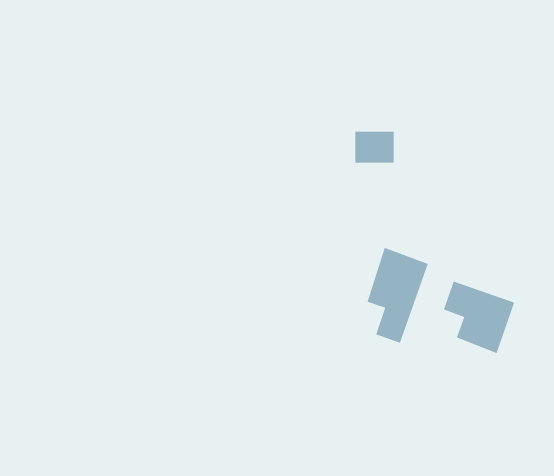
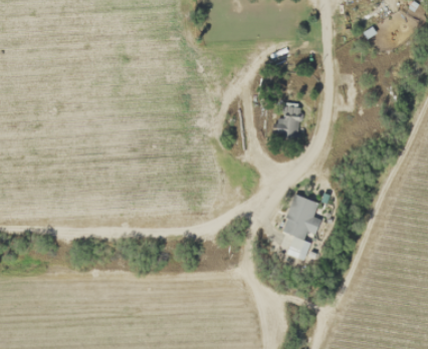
building: [443,280,515,354] -> none

